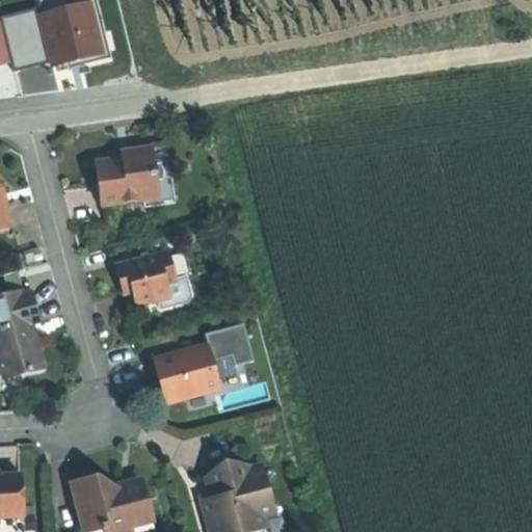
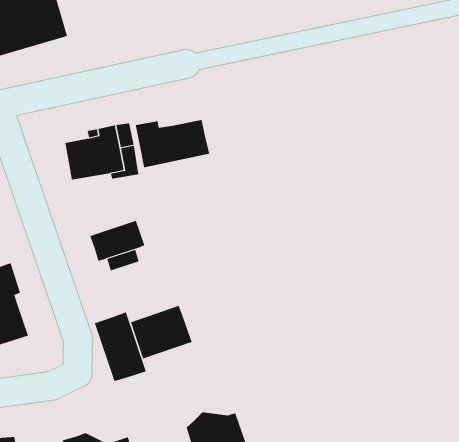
building: none -> [135,119,210,168]
building: [203,324,250,366] -> none
building: none -> [94,311,147,382]

